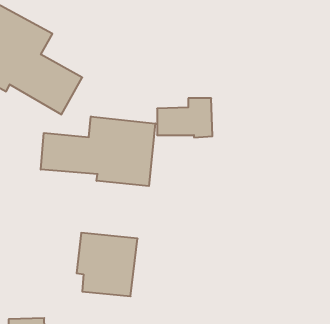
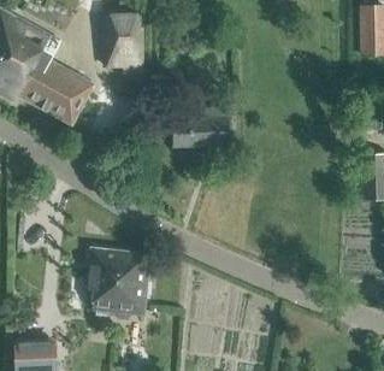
building: none -> [105,14,144,71]
building: [41,116,155,186] -> none

